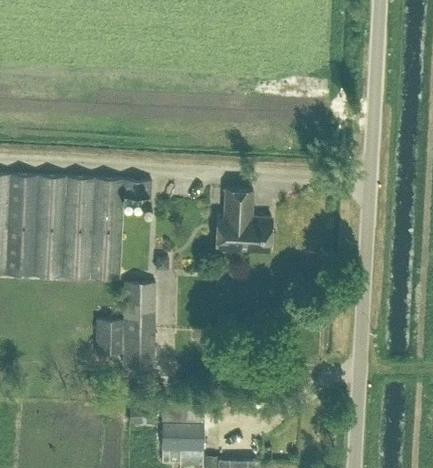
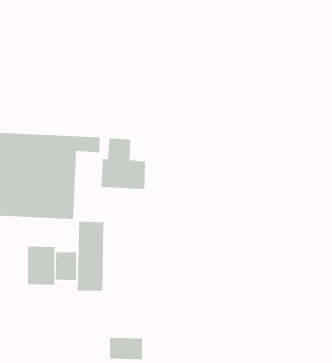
building: [216,190,271,253] -> [101,138,146,190]
building: none -> [27,246,55,285]

